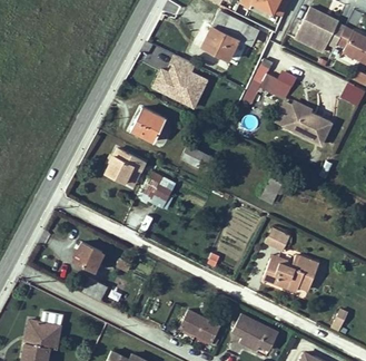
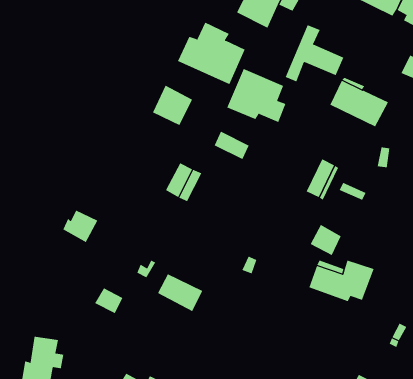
building: none -> [226,68,286,123]
building: [106,148,142,182] -> none
building: [75,243,105,271] -> [63,210,98,243]
building: [180,311,219,343] -> [157,274,203,312]
building: [234,315,279,351] -> none

